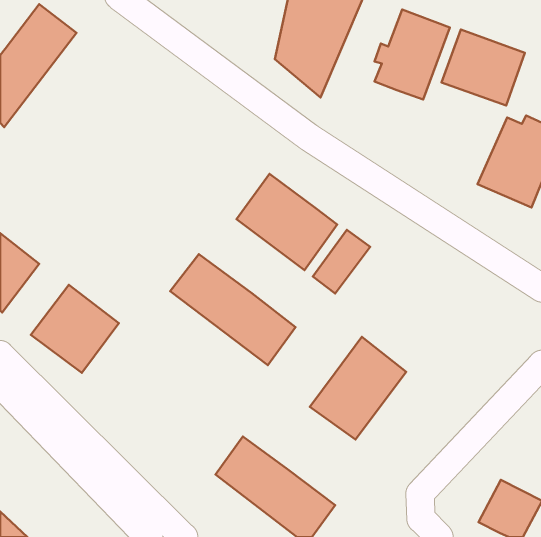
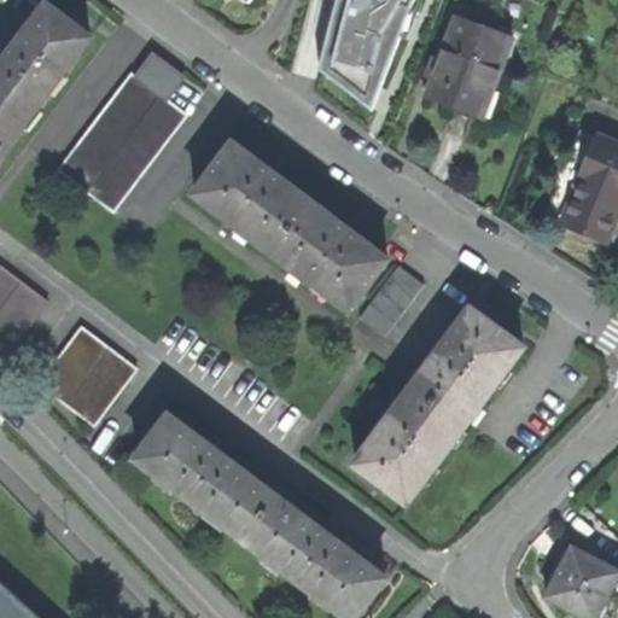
building: [441,29,525,106] -> none
building: none -> [58,54,186,210]
building: none -> [193,142,308,250]
building: [170,254,295,365] -> [135,414,278,541]
building: none -> [413,307,521,424]

